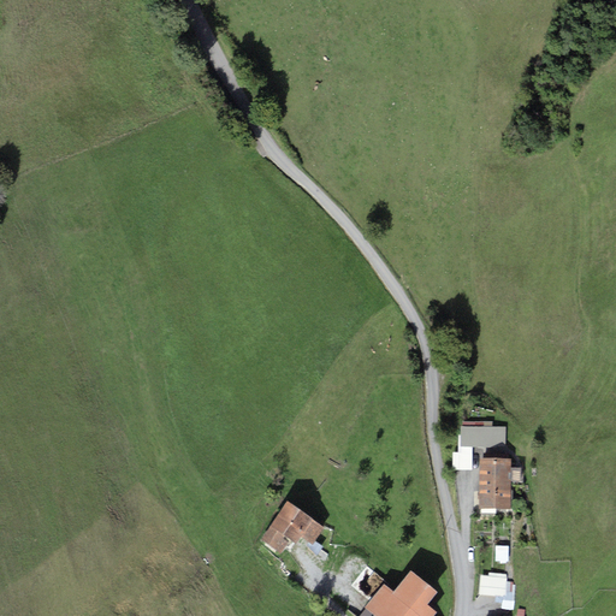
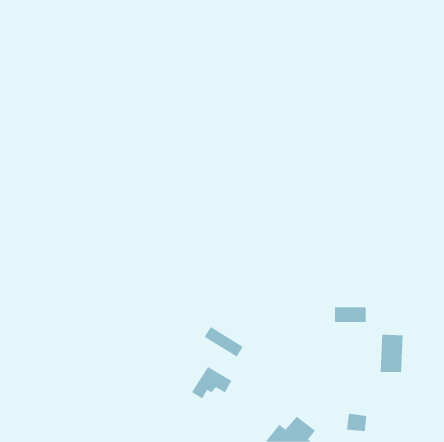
building: none -> [204,326,244,357]
building: [478,456,510,509] -> [380,334,403,373]

